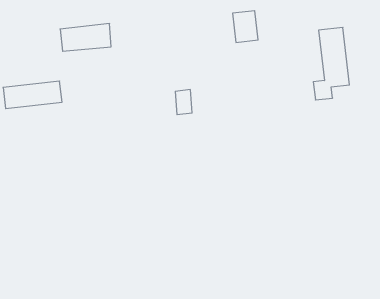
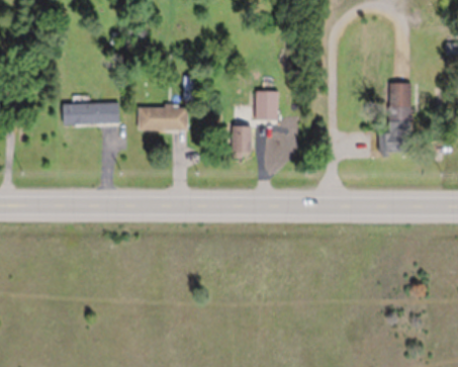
building: [233,11,258,42] -> [257,91,279,120]
building: [60,24,111,51] -> [141,108,190,131]

